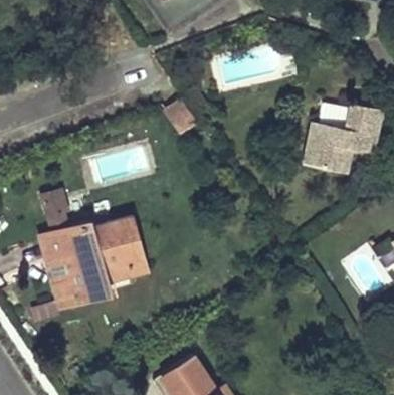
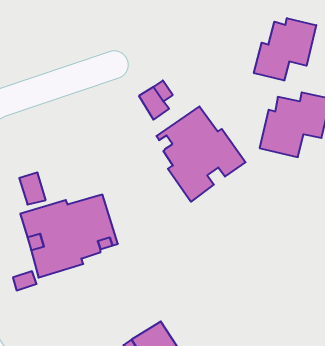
building: none -> [254,18,316,81]
building: none -> [156,106,246,202]

